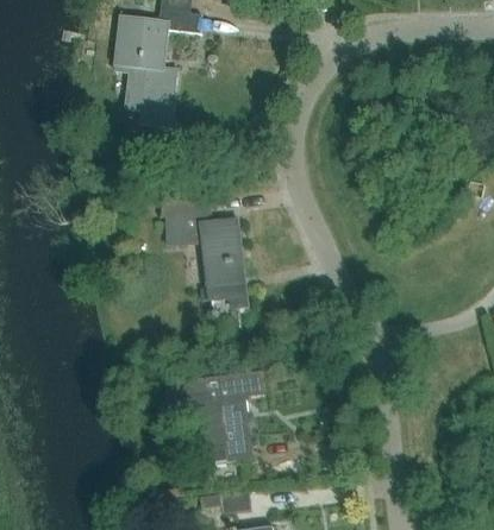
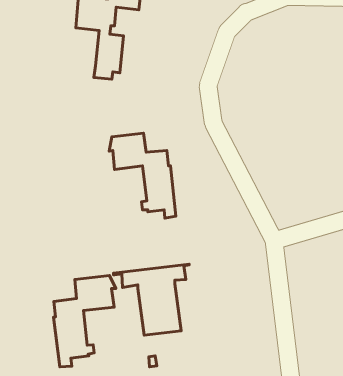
building: none -> [54,275,116,367]

